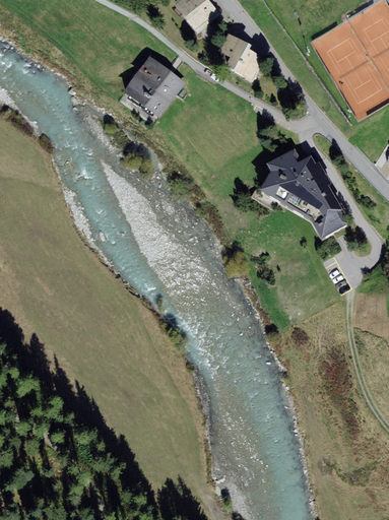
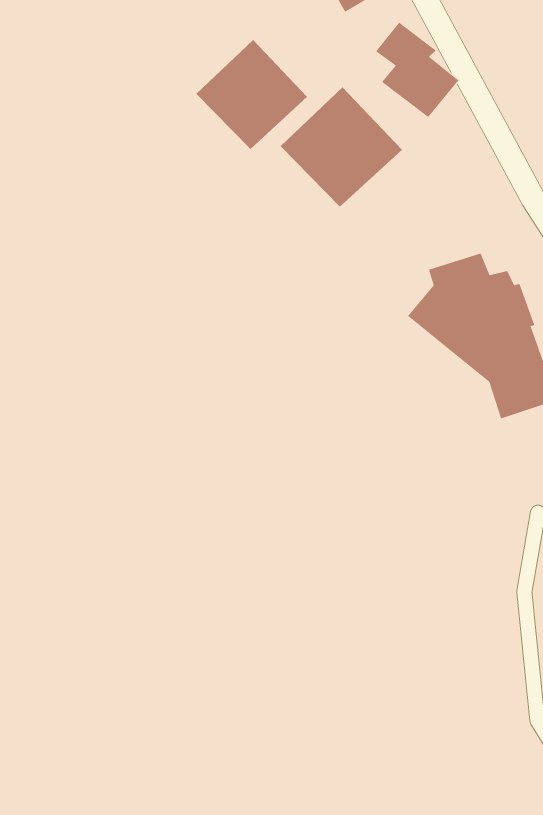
building: none -> [280,87,403,208]

